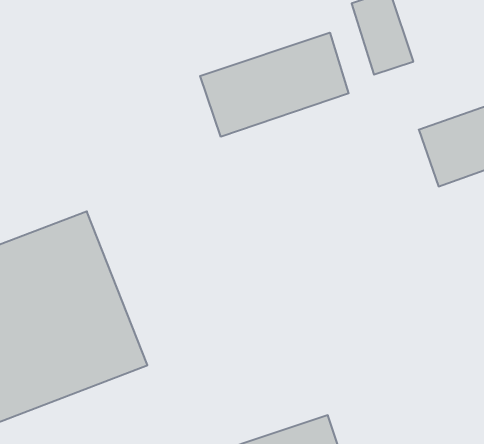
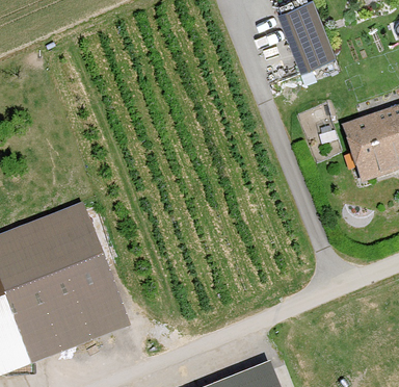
building: [200,33,349,137] -> none

